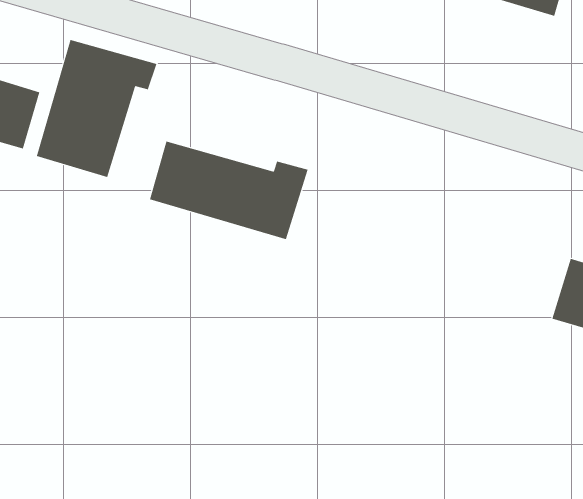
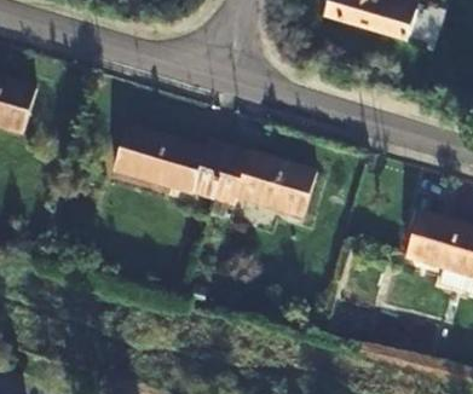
building: [36,39,157,178] -> none
building: none -> [213,149,316,218]

